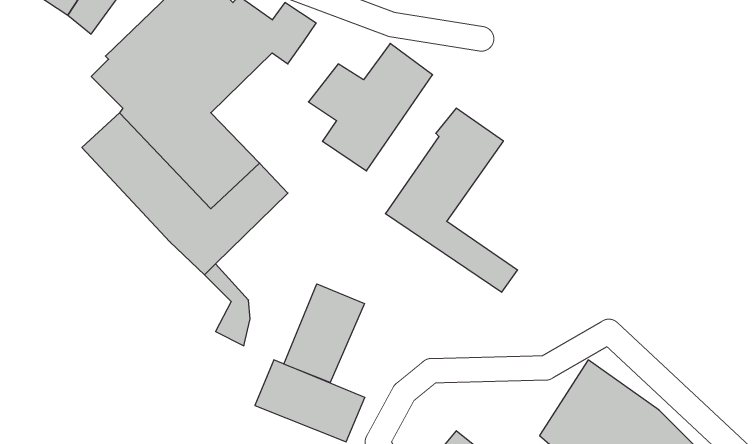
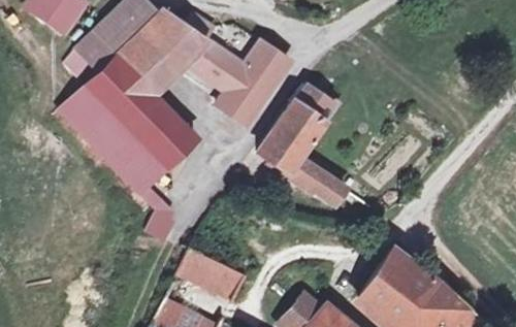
building: none -> [188,40,229,79]
building: [284,284,364,383] -> none

